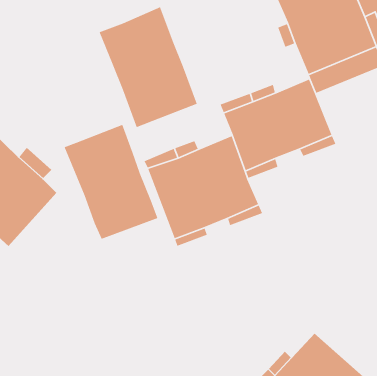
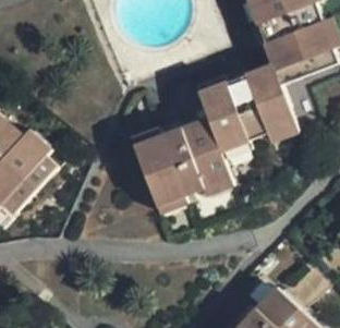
building: [99,6,198,128] -> none
building: [64,124,158,240] -> none

